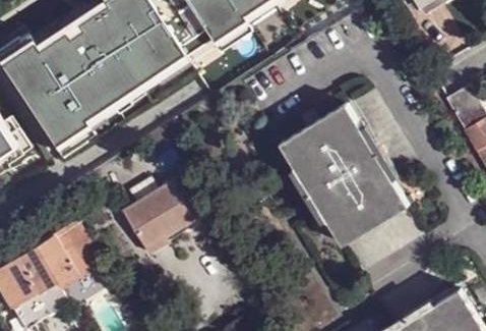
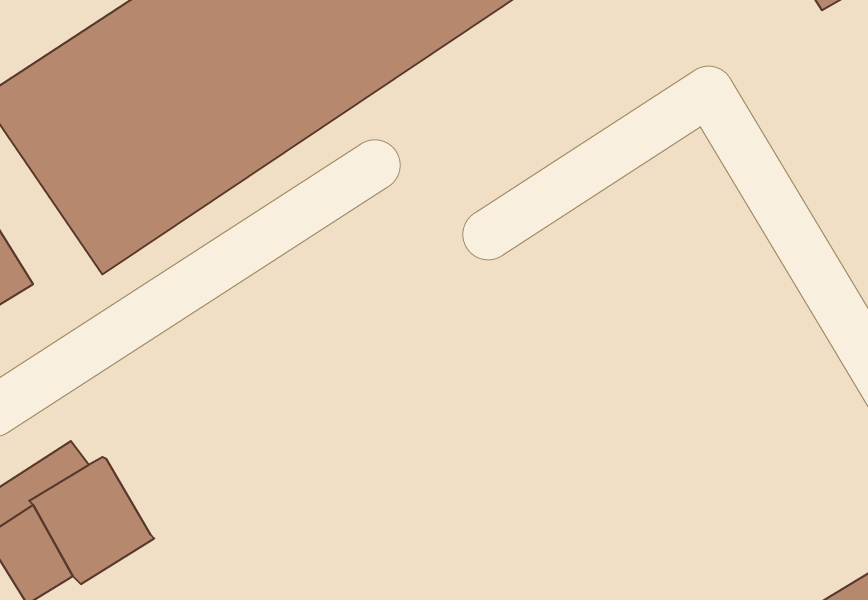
building: [282,107,408,247] -> none
building: [123,184,194,251] -> none
building: [55,230,100,282] -> none

